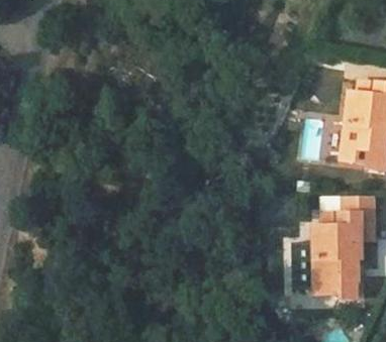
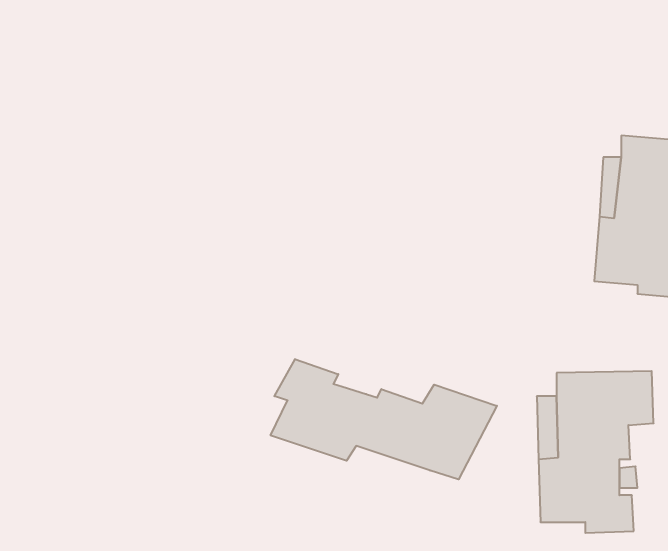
building: none -> [271,359,497,479]

